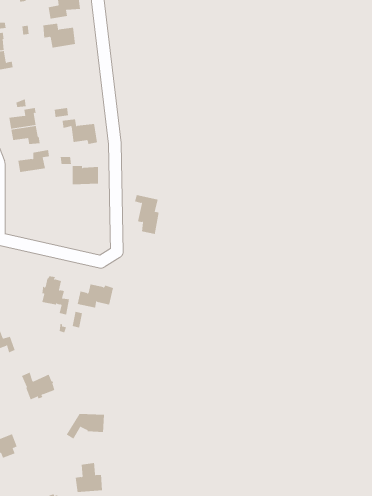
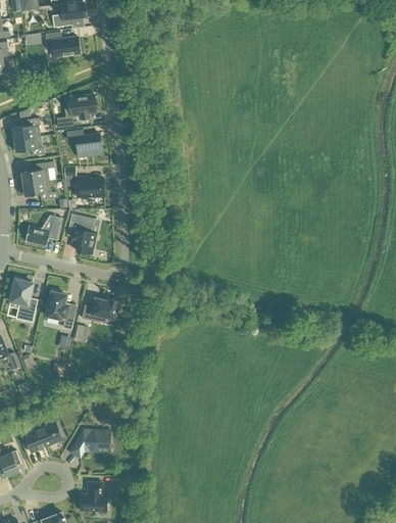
building: none -> [68,94,95,118]
building: none -> [22,180,57,200]
building: [134,194,159,234] -> [69,213,95,254]
building: none -> [24,216,62,246]
building: none -> [9,279,37,322]
building: [21,372,55,400] -> [21,422,56,450]

